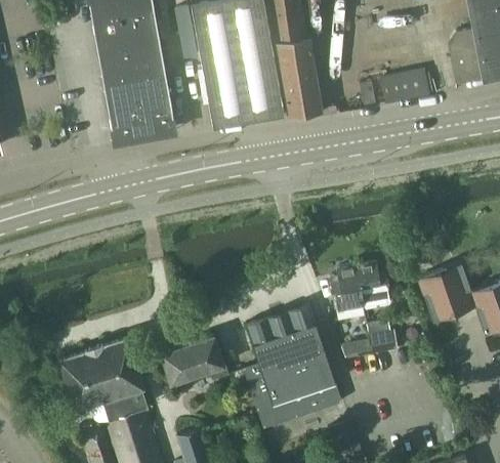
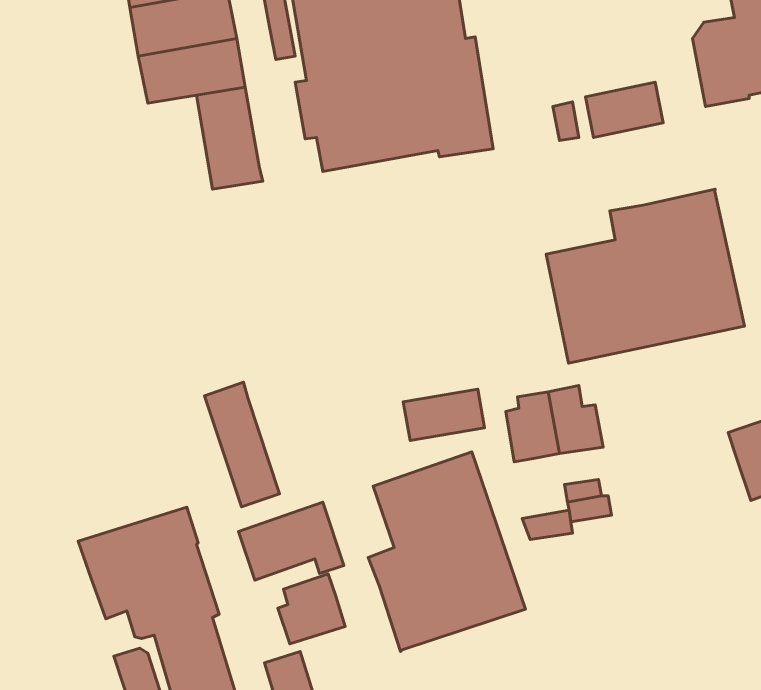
building: [103,79,144,144] -> none
building: none -> [546,189,744,363]
building: none -> [205,382,279,507]
building: [418,264,475,323] -> none
building: none -> [403,389,485,440]
building: none -> [278,574,345,644]

